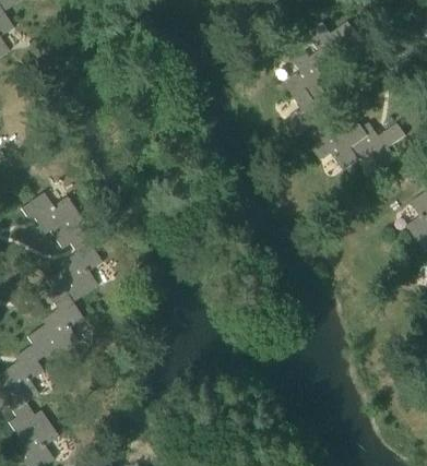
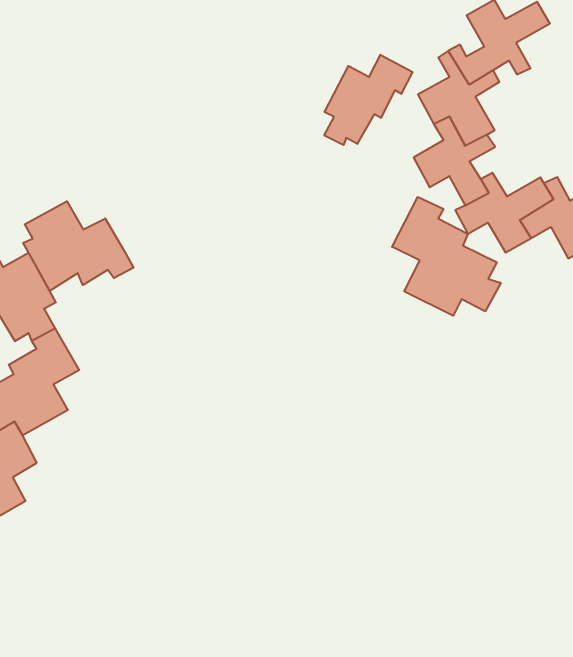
building: none -> [324,55,412,145]
building: none -> [392,197,501,316]
building: none -> [23,201,133,291]

